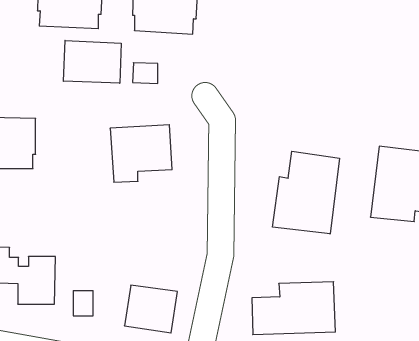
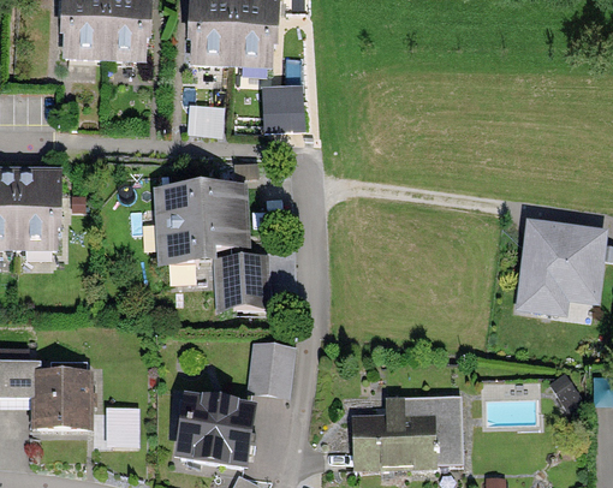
building: [63,40,121,83] -> none
building: none -> [263,90,302,131]
building: [273,151,339,234] -> none
building: none -> [228,255,267,309]
building: none -> [250,347,290,393]

